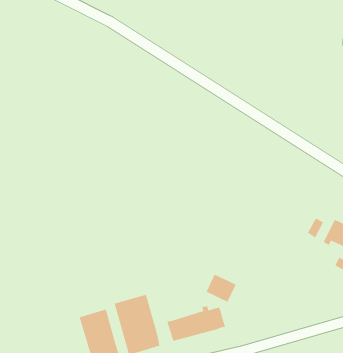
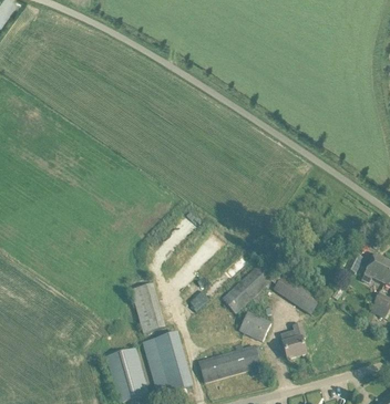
building: none -> [222,265,320,313]
building: none -> [131,283,165,333]
building: none -> [279,322,305,359]

